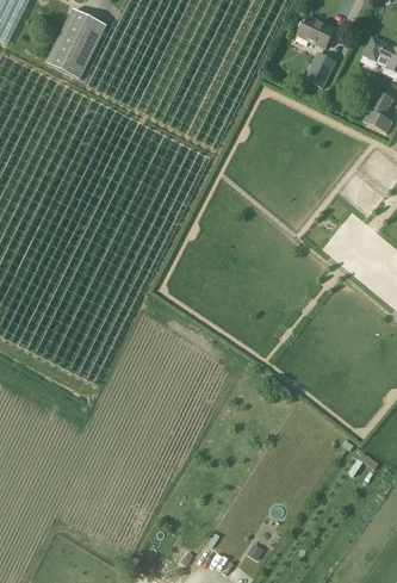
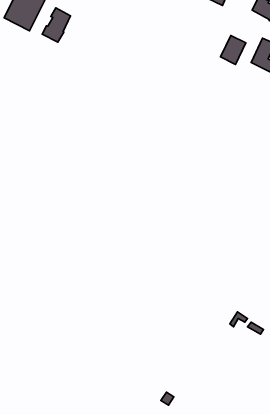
building: none -> [42,8,70,42]
building: [304,52,336,89] -> [221,35,246,64]

